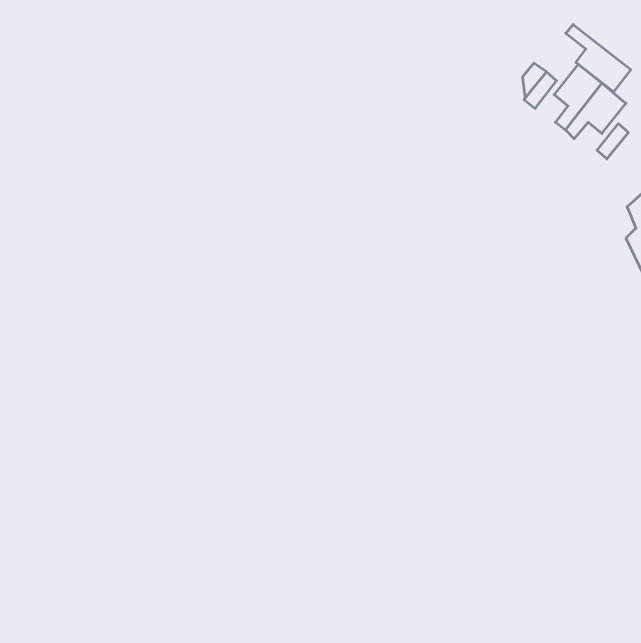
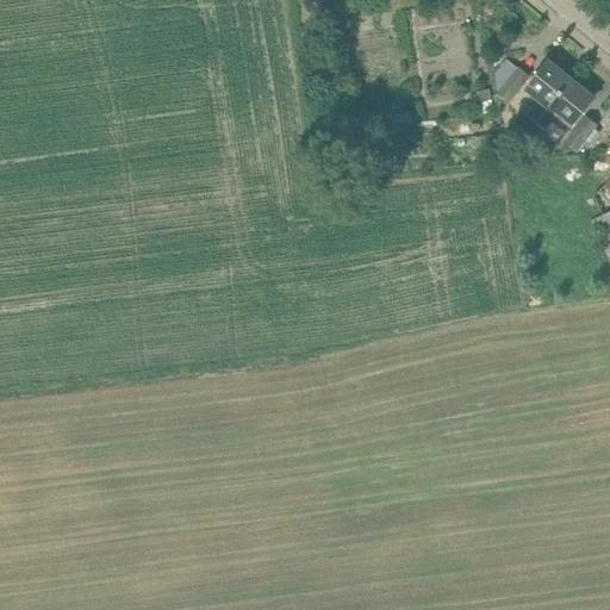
building: [566,24,631,92] -> none

